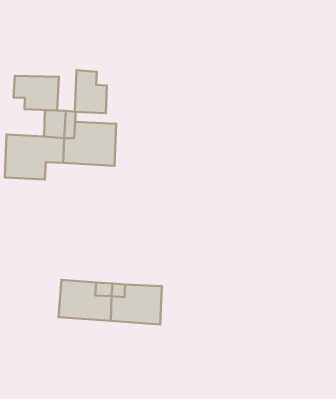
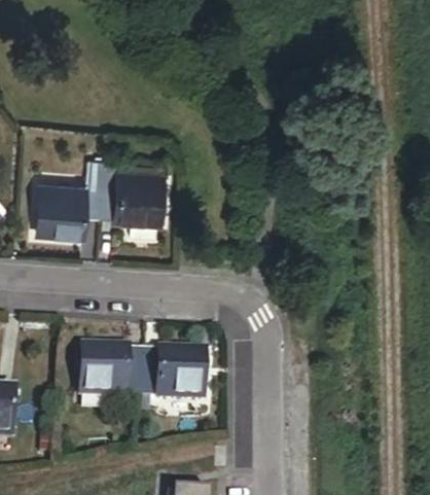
building: [75,70,107,113] -> none
building: [13,76,59,111] -> none

